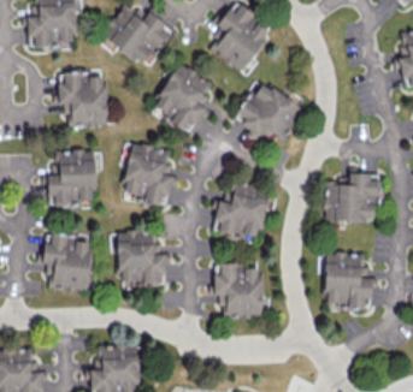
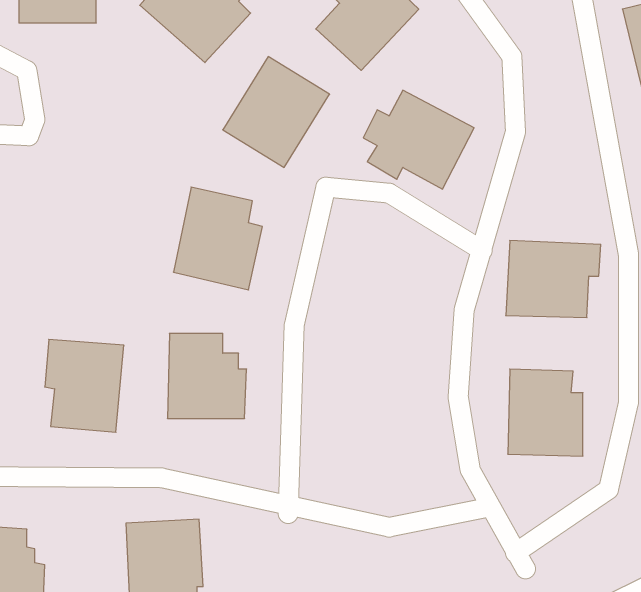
building: [58,75,107,127] -> none
building: [47,150,95,208] -> none
building: [213,185,269,239] -> none
building: [214,266,264,319] -> none

